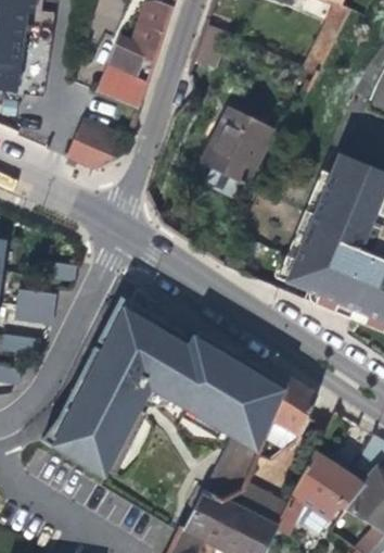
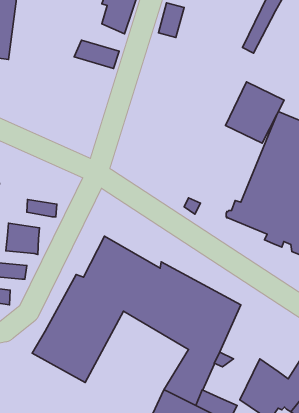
building: [104,45,155,83] -> none
building: [203,109,272,181] -> [226,82,284,143]
building: [65,116,133,168] -> none
building: [274,379,318,436] -> none

